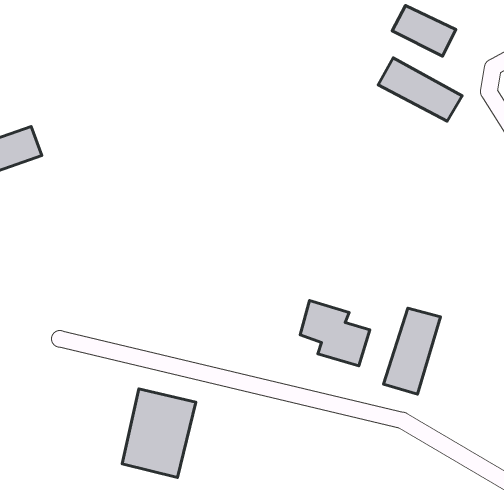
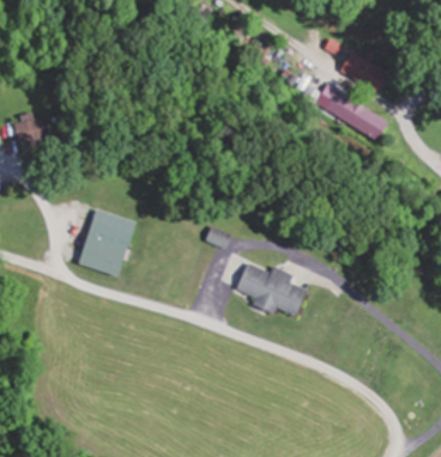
building: [383,308,441,394] -> none
building: [122,389,196,477] -> [84,207,144,276]

